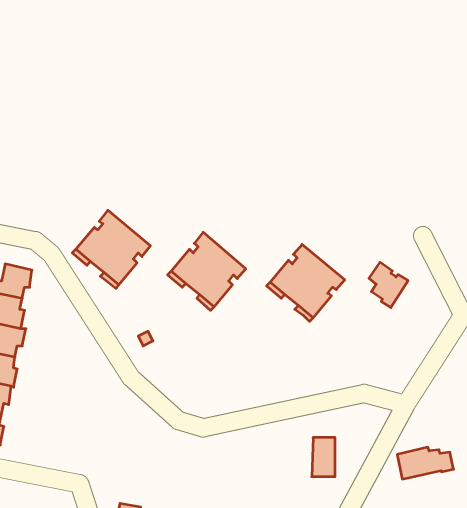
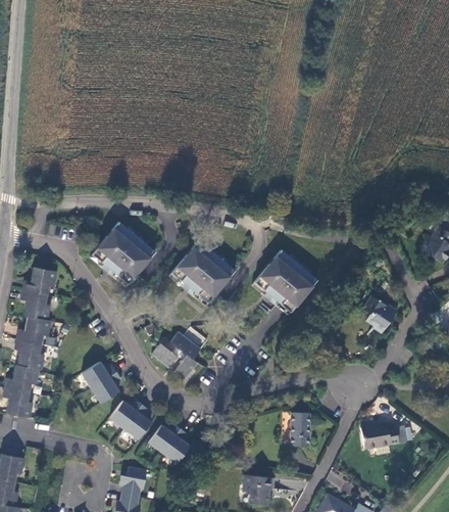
building: [369,262,408,308] -> [365,294,398,332]
building: none -> [152,327,208,380]
building: none -> [82,362,121,403]
building: none -> [110,399,151,439]
building: none -> [149,423,190,463]

